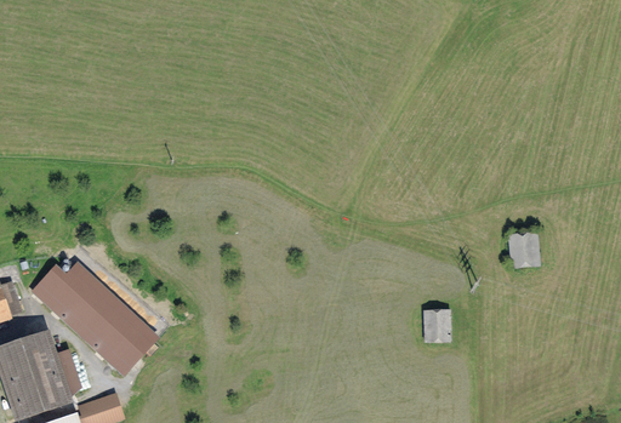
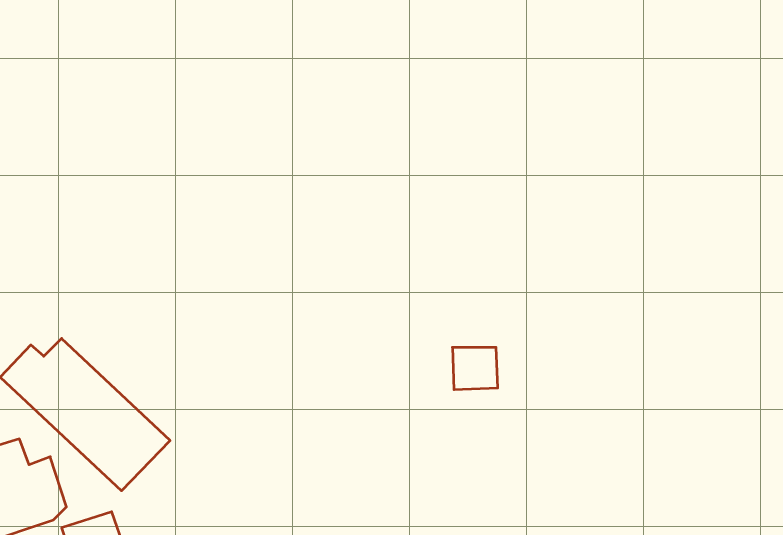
building: [507,234,536,264] -> none
building: [421,310,455,342] -> [452,347,498,390]

